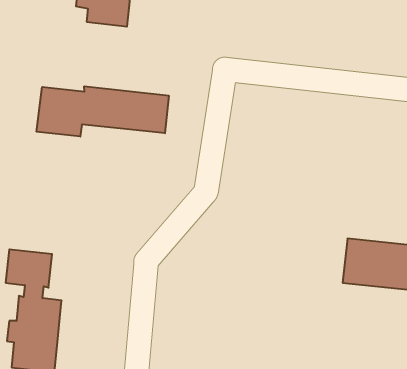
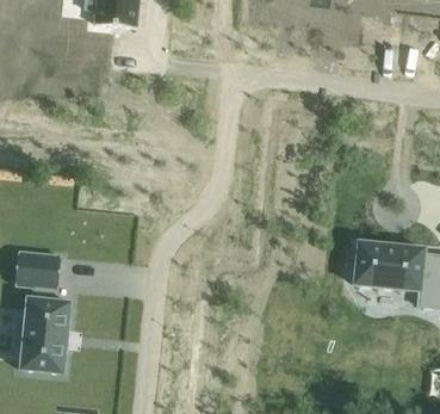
building: [37,86,169,137] -> none

